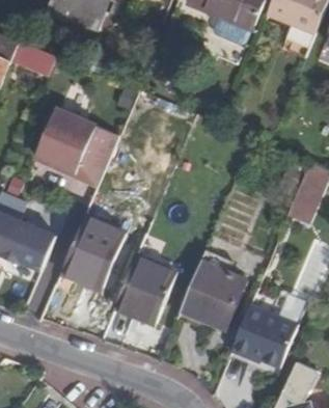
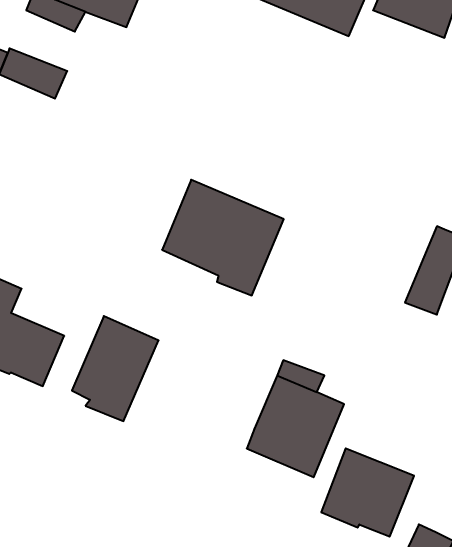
building: [34,103,117,182] -> [162,180,284,295]
building: [114,256,185,329] -> none

